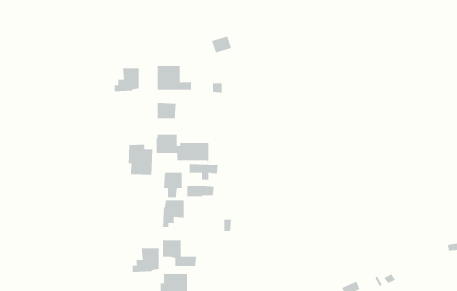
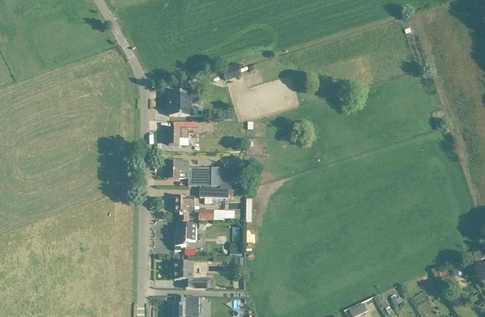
building: [114,67,139,92] -> none
building: [128,144,153,175] -> none
building: [132,248,159,273] -> none

